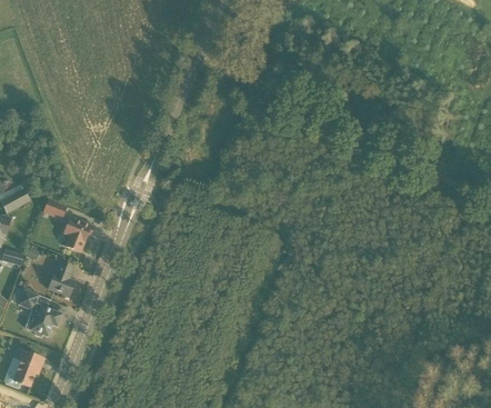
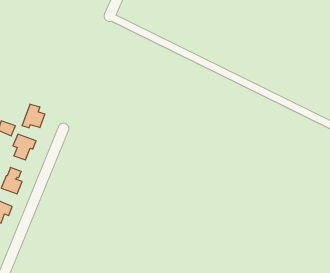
building: none -> [22,104,45,128]

